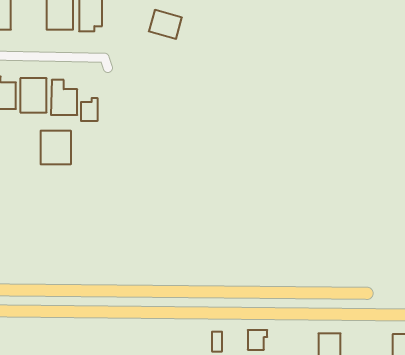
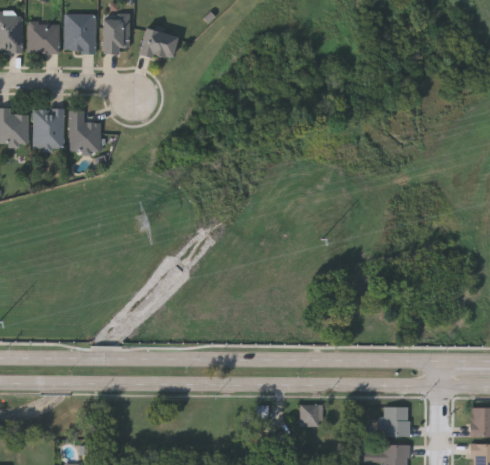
building: none -> [28,22,59,52]
building: [149,10,182,39] -> [138,26,177,60]
building: [81,98,97,121] -> none
building: [41,131,71,164] -> none

